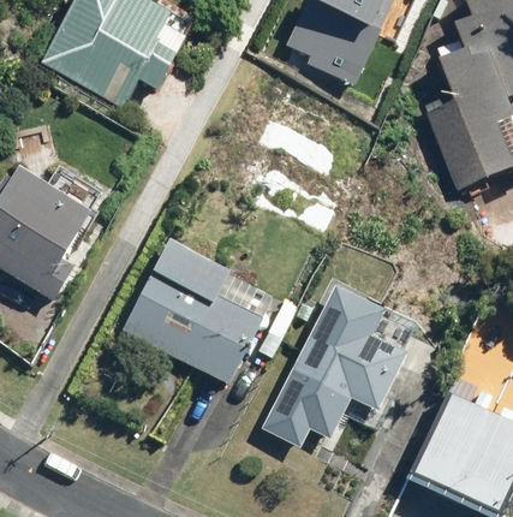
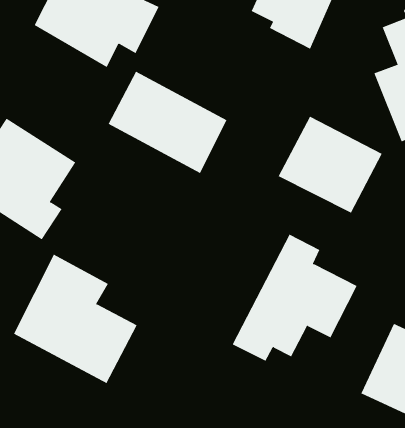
building: none -> [108,71,227,174]
building: none -> [278,116,382,214]
building: [123,237,263,384] -> [13,254,138,384]

